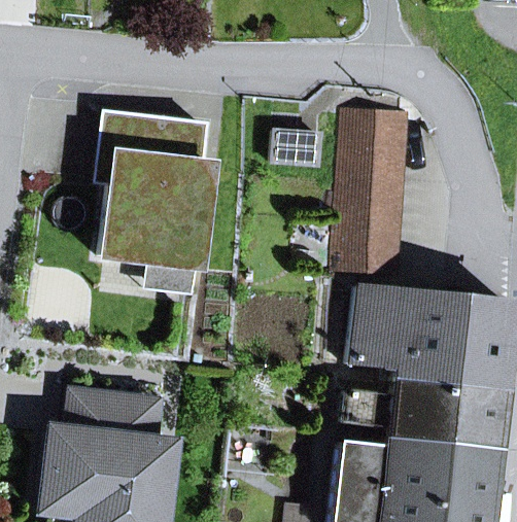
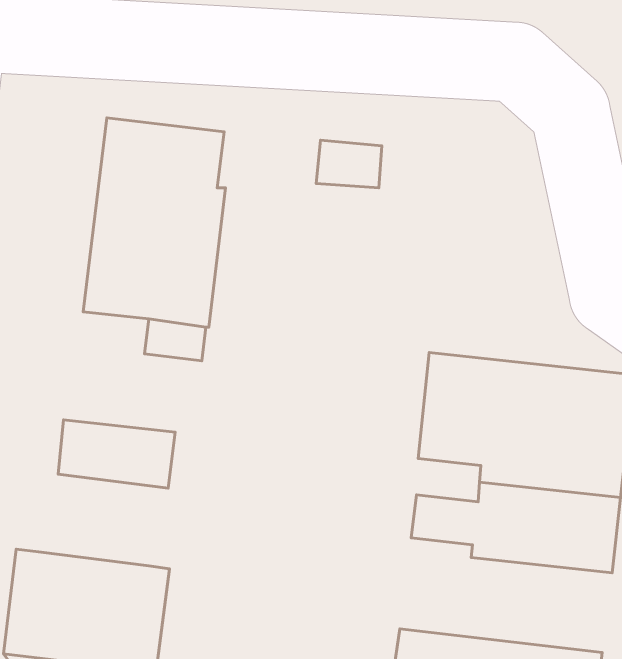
building: [299,113,408,272] -> none
building: [71,394,158,445] -> [58,420,175,488]
building: [338,439,494,509] -> none

